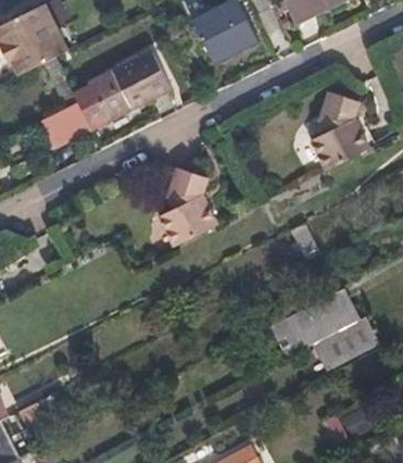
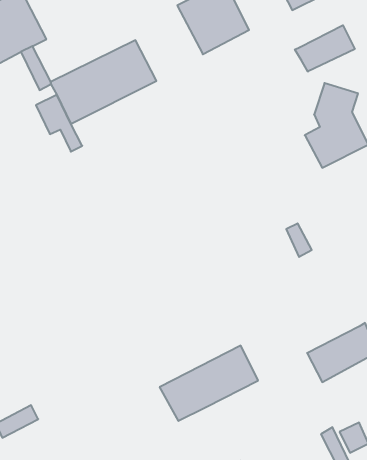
building: none -> [295,25,355,72]
building: [159,167,217,246] -> none
building: [268,287,361,358] -> [160,346,258,421]

